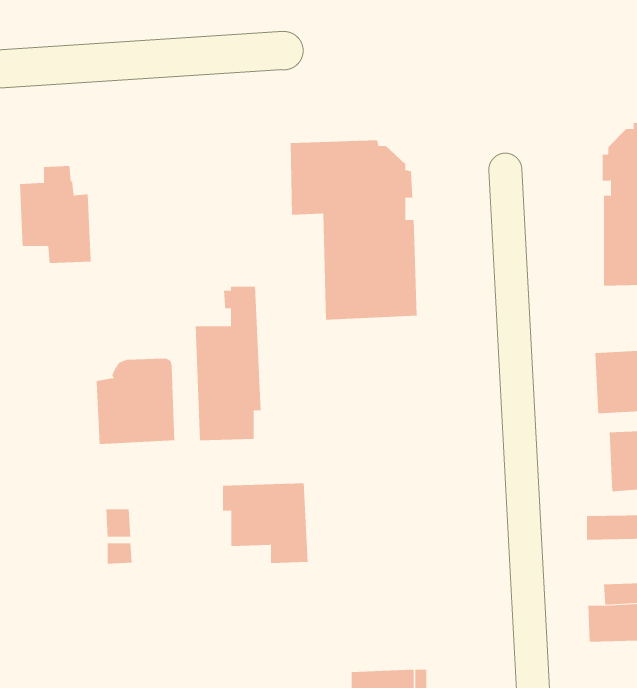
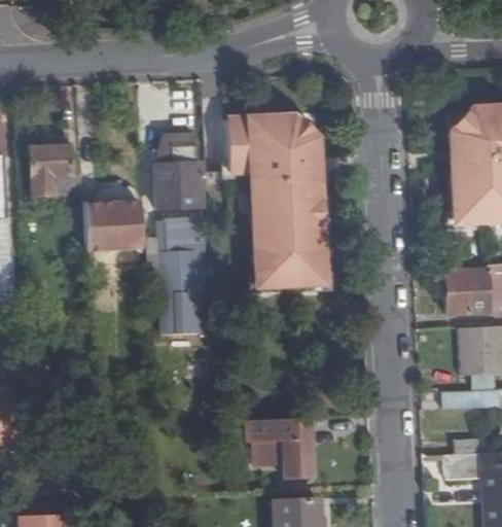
building: none -> [154,135,201,210]
building: none -> [252,245,320,286]
building: [96,358,175,445] -> [82,188,140,251]
building: [222,483,309,564] -> [248,418,311,477]

